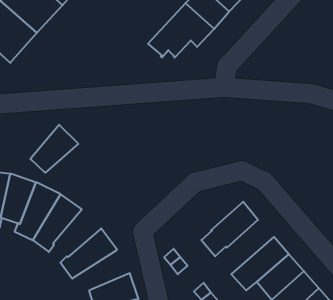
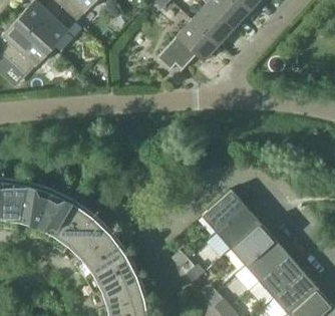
building: [30,125,78,173] -> [67,214,112,259]
building: none -> [201,190,246,234]
building: none -> [231,224,275,266]
building: none -> [85,252,139,295]

